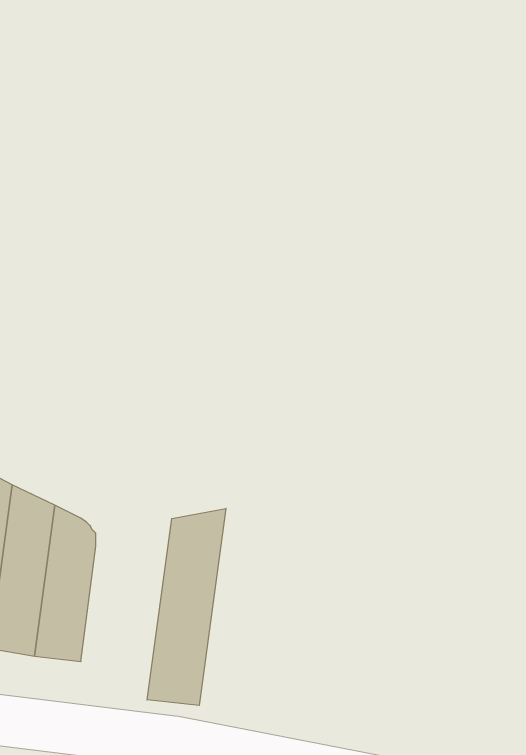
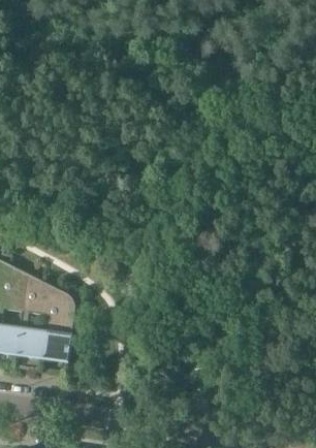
building: [147,508,226,705] -> none

